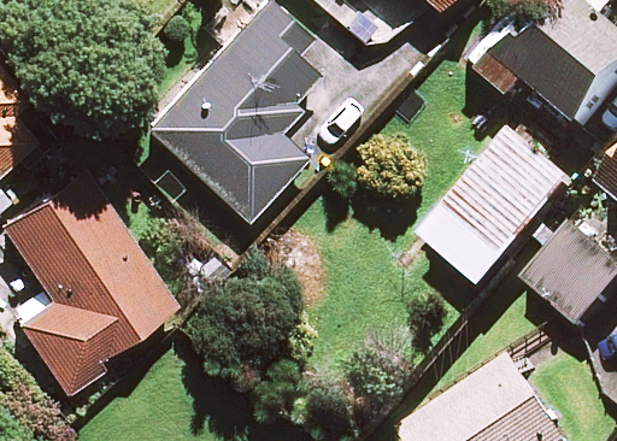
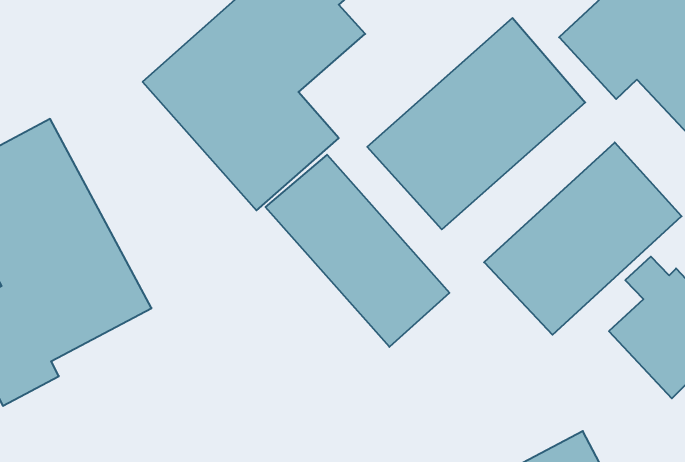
building: none -> [367,18,585,229]
building: none -> [266,155,449,347]

